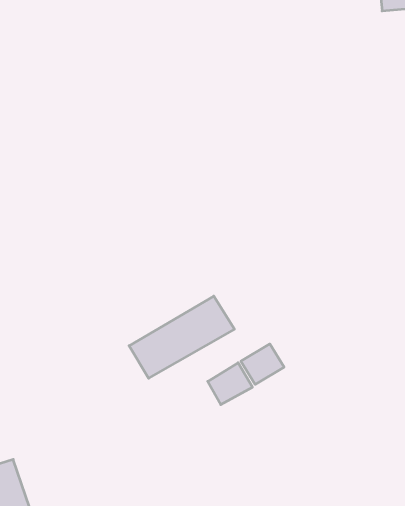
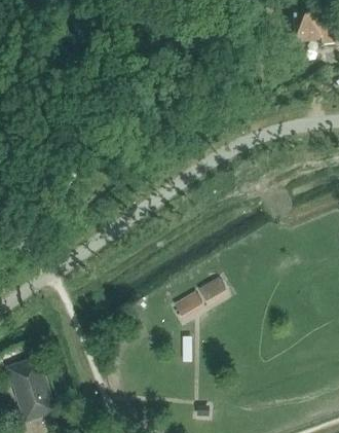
building: [129,296,234,378] -> none

